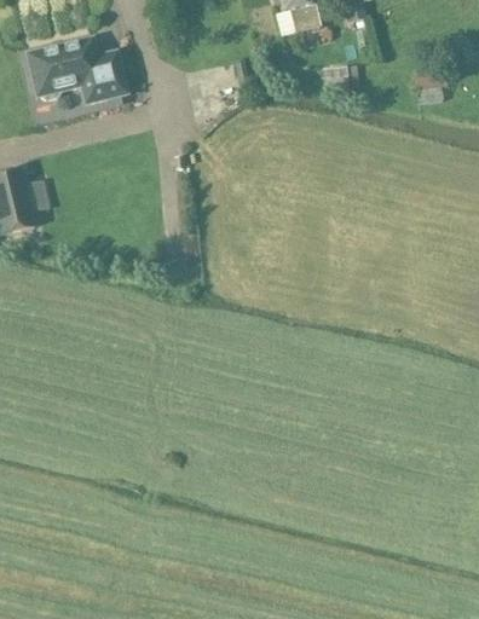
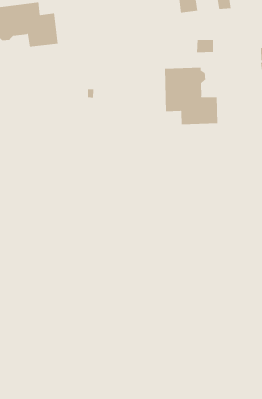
building: none -> [164,67,218,125]

